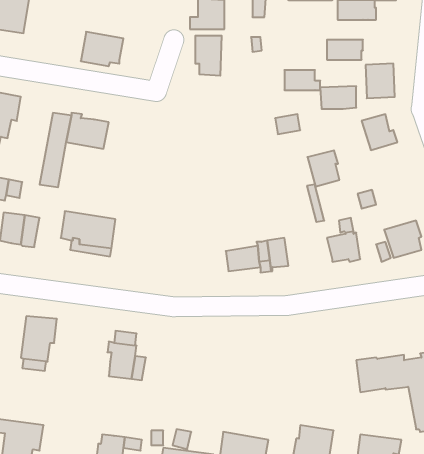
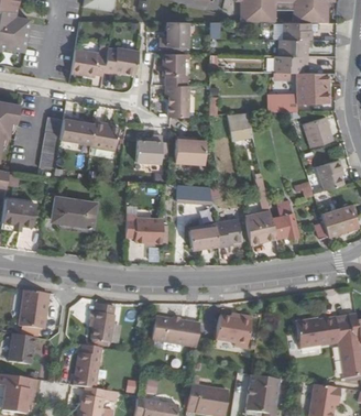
building: none -> [101,48,139,76]
building: [284,70,320,90] -> [277,40,307,56]
building: none -> [167,85,190,118]
building: none -> [88,122,117,152]
building: none -> [135,135,162,164]
building: none -> [174,140,206,165]
building: [307,150,339,186] -> [317,161,343,190]
building: none -> [176,186,212,206]
building: none -> [127,210,165,245]
building: none -> [247,216,277,243]
building: none -> [149,313,198,344]
building: none -> [214,314,250,348]
building: none -> [10,330,36,360]
building: none -> [75,340,102,384]

